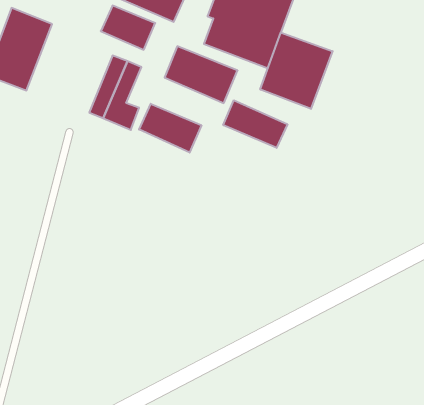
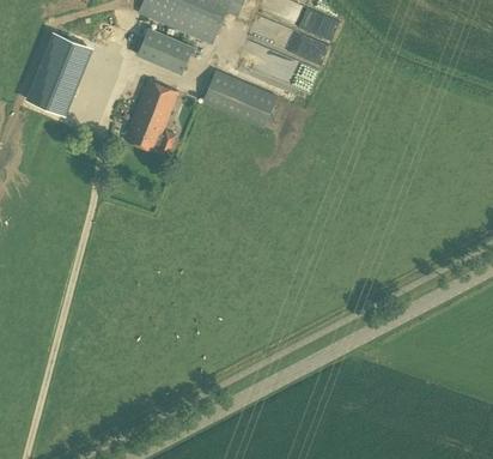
building: [260,33,333,109] -> none
building: [223,100,287,148] -> none
building: [139,104,201,153] -> none

